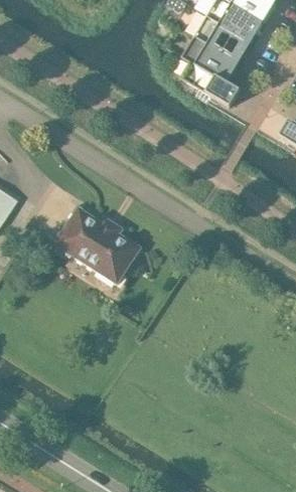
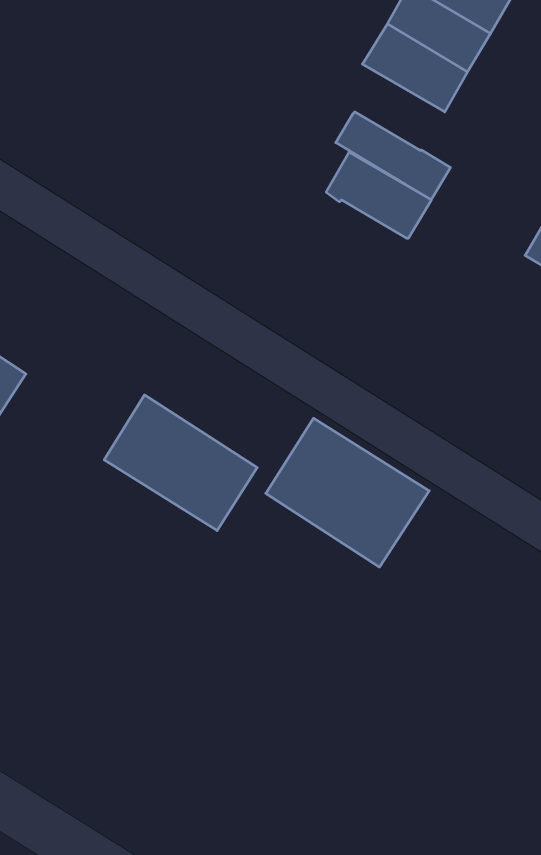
building: [182,36,238,81] -> [326,152,431,238]
building: none -> [266,418,429,567]

